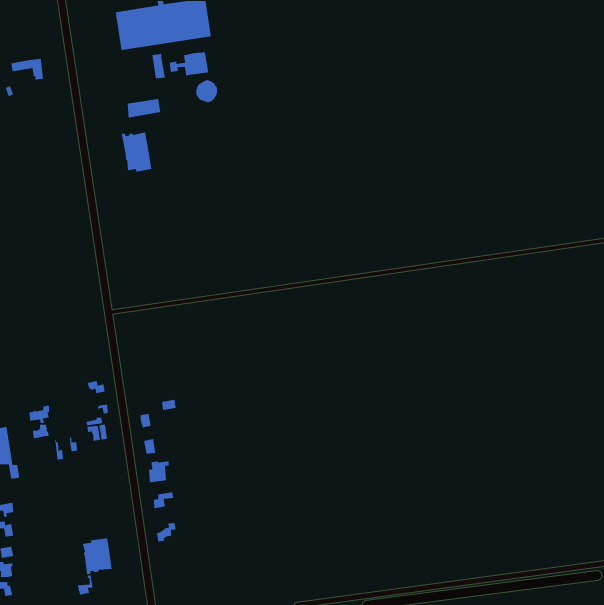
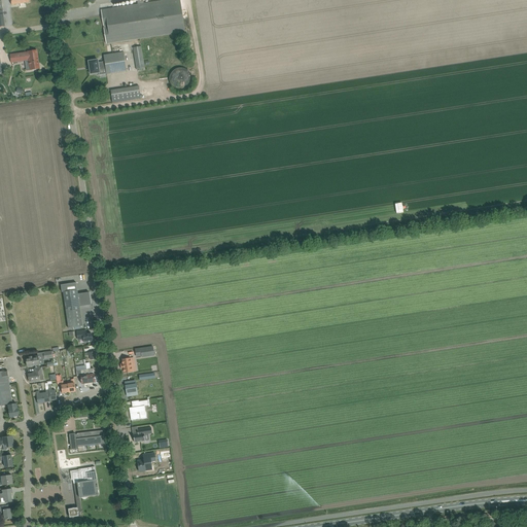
building: [169,51,209,76] -> [91,52,126,74]
building: [121,131,152,173] -> none
building: none -> [63,290,90,328]
building: none -> [68,430,105,450]

